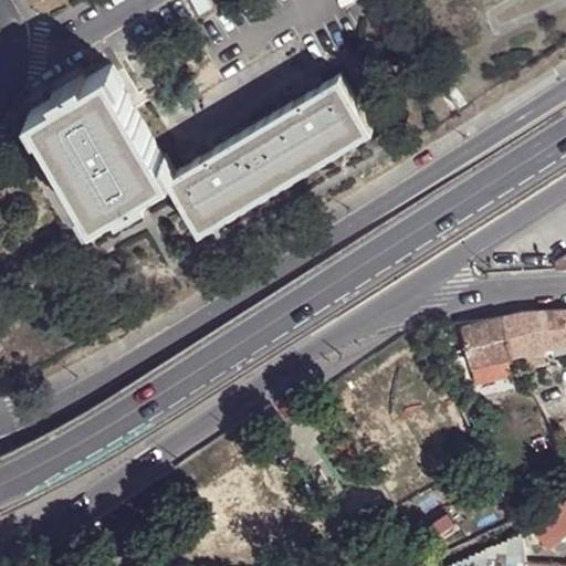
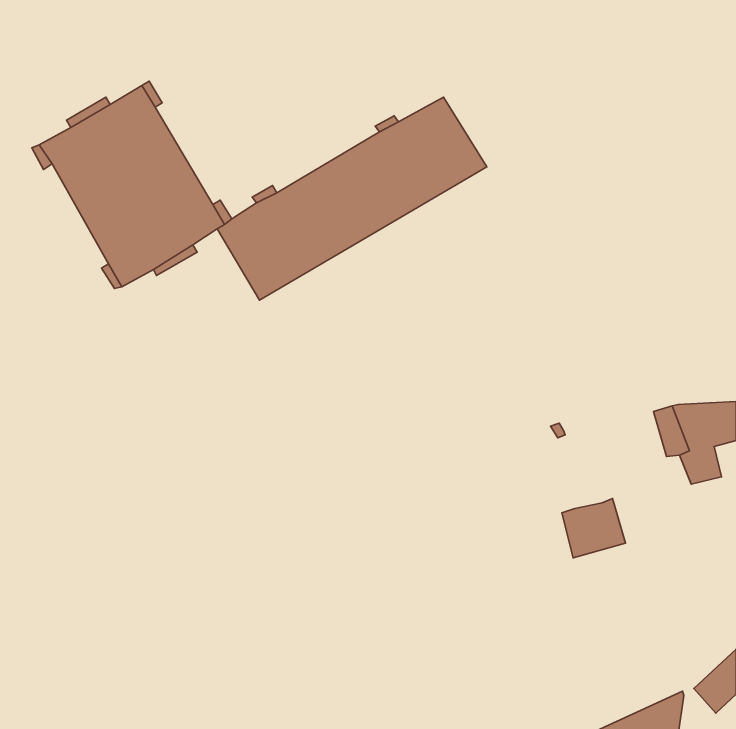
building: [460,323,509,368] -> [562,498,625,558]

